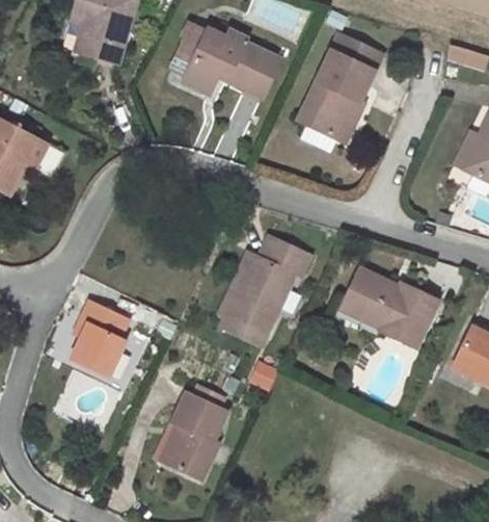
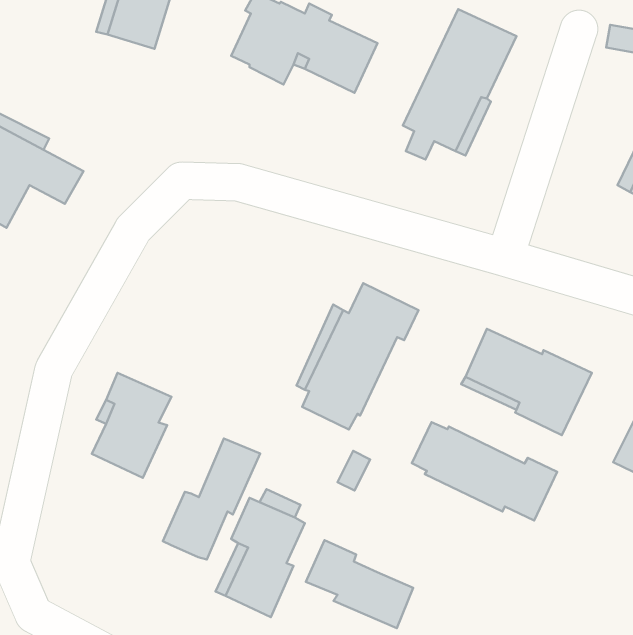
building: none -> [412,422,557,520]
building: none -> [163,439,260,560]
building: none -> [306,540,413,628]

